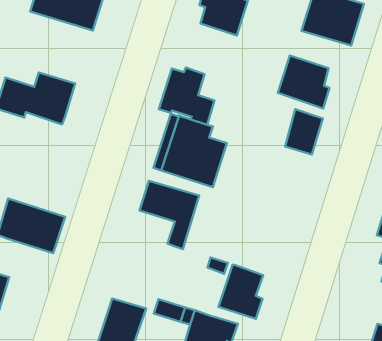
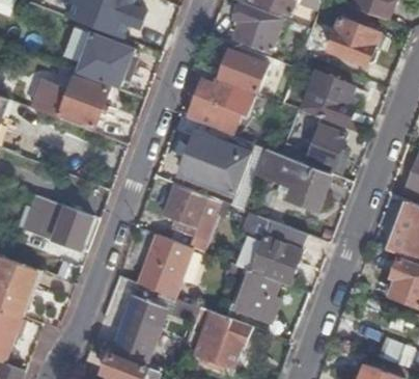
building: none -> [75,32,134,86]
building: none -> [218,50,264,92]
building: none -> [254,148,330,210]
building: none -> [251,219,302,286]
building: none -> [135,235,190,298]

